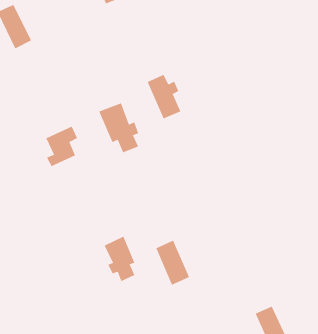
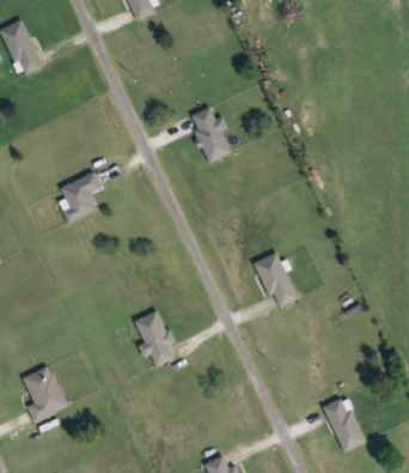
building: [98,102,139,153] -> none
building: [155,240,190,286] -> [254,251,297,309]
building: none -> [22,365,67,423]

